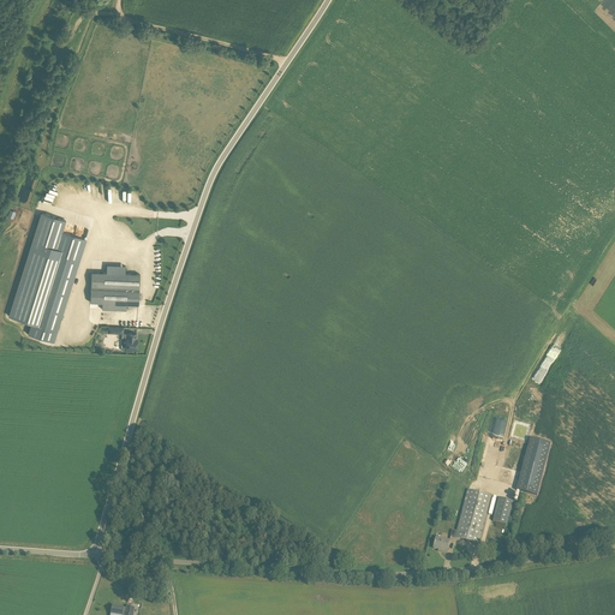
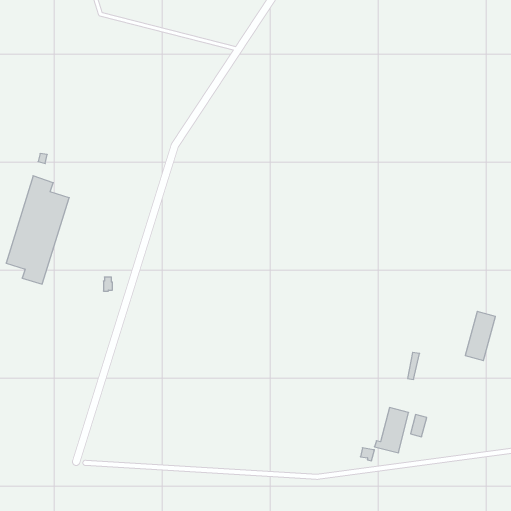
building: [88,270,138,309] -> none
building: [514,436,550,495] -> [465,311,495,361]

